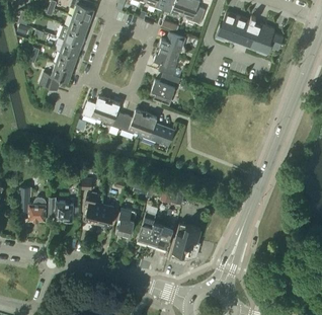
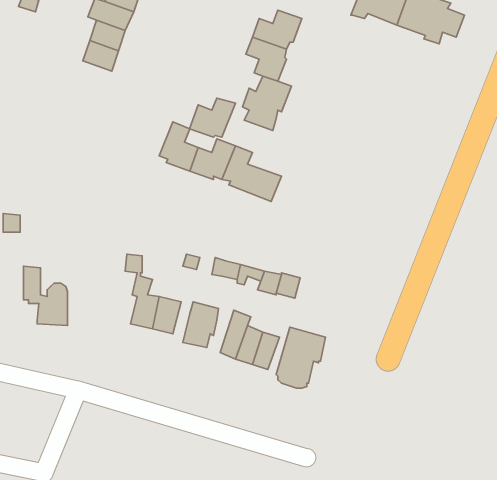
building: [39,64,73,91] -> none
building: [82,97,109,121] -> [190,98,235,137]
building: [48,196,74,223] -> none

